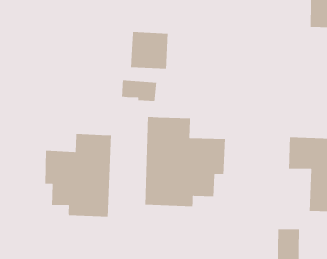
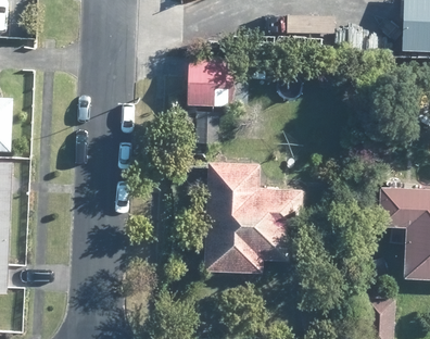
building: [44,133,112,217] -> none

